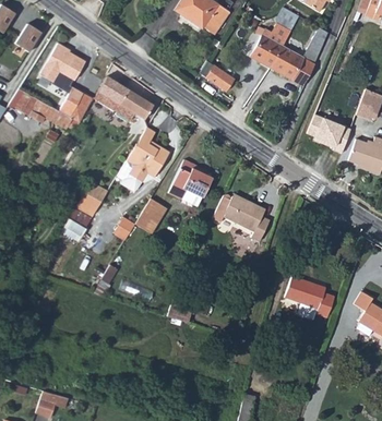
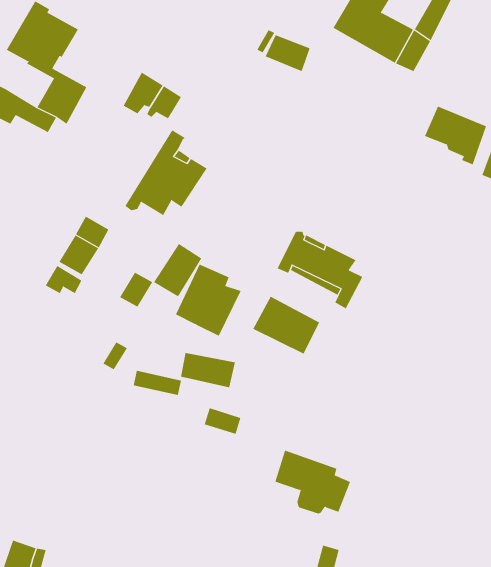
building: [95,77,127,111] -> none
building: [168,160,211,207] -> [175,264,241,337]
building: none -> [252,296,320,354]
building: none -> [180,352,235,388]
building: [284,277,333,318] -> [275,450,351,514]

